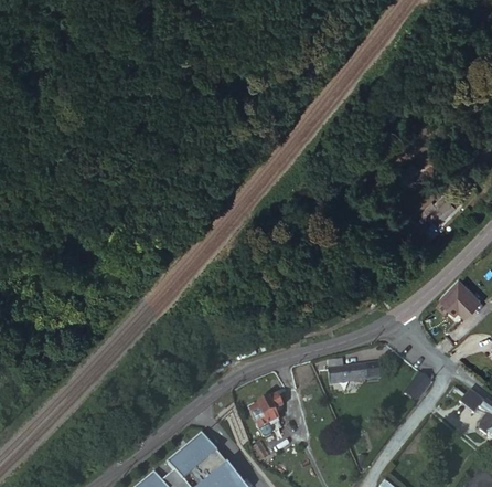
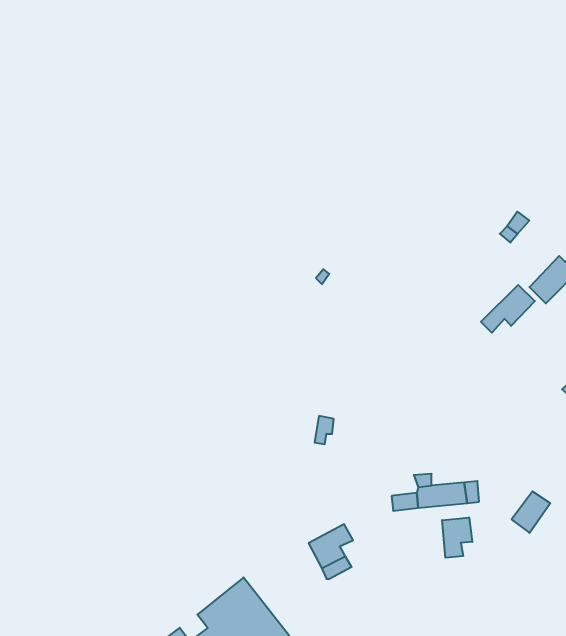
building: none -> [481,285,535,333]
building: none -> [442,517,472,558]

